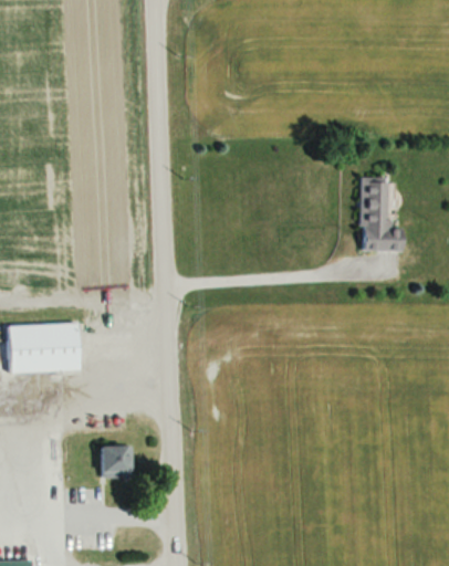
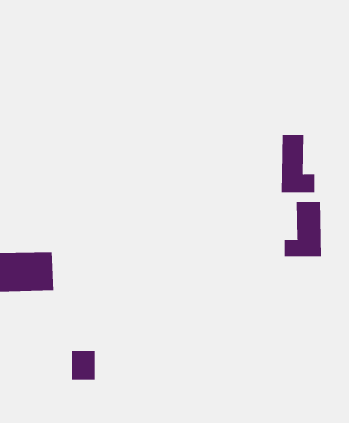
building: none -> [284,201,321,257]

